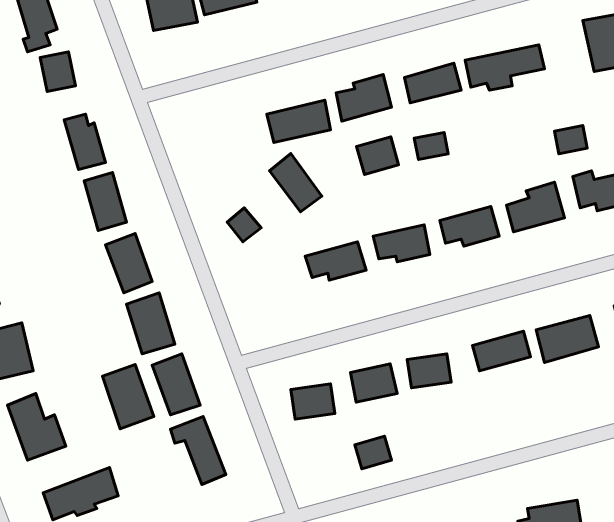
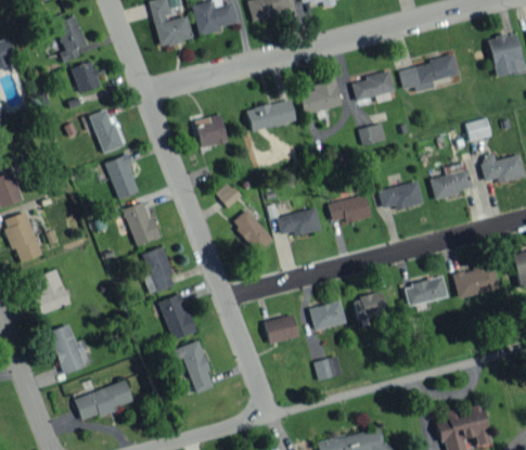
building: none -> [195,116,227,146]
building: [357,137,398,175] -> none
building: [269,154,322,212] -> [232,208,272,253]
building: [103,365,154,429] -> none

